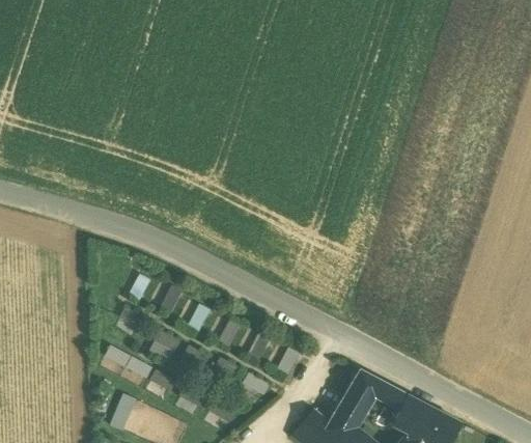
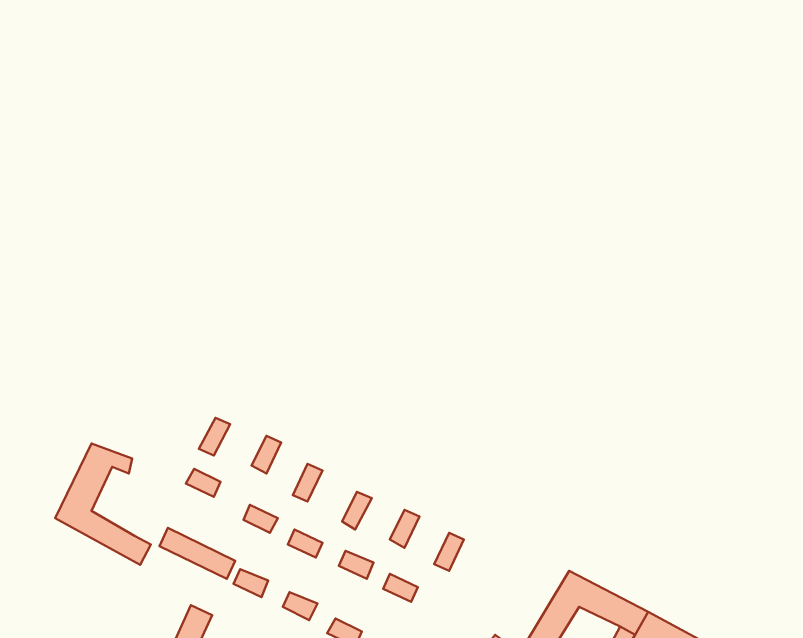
building: none -> [55,444,151,565]

